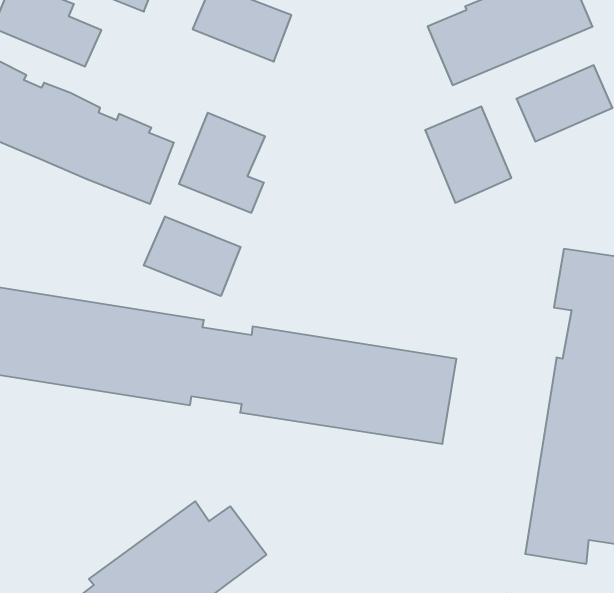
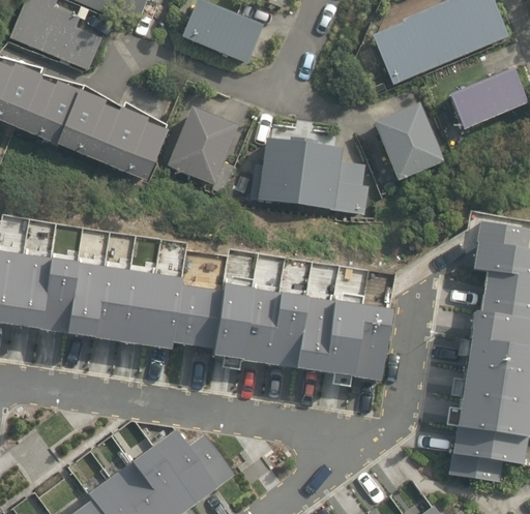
building: none -> [252,134,372,212]
building: [144,216,241,296] -> none

